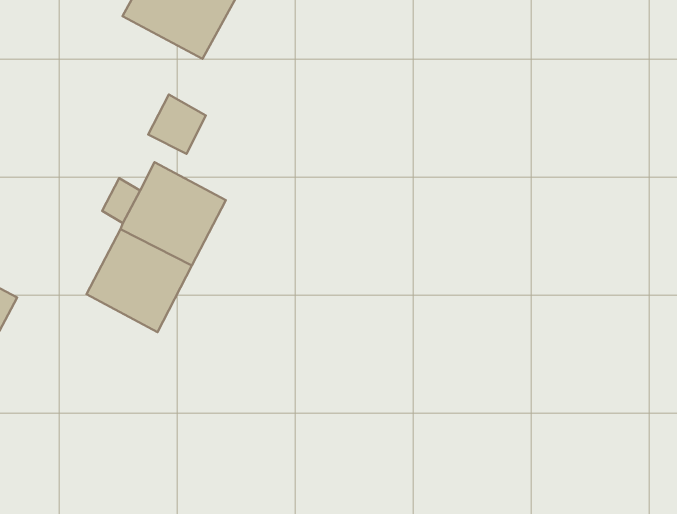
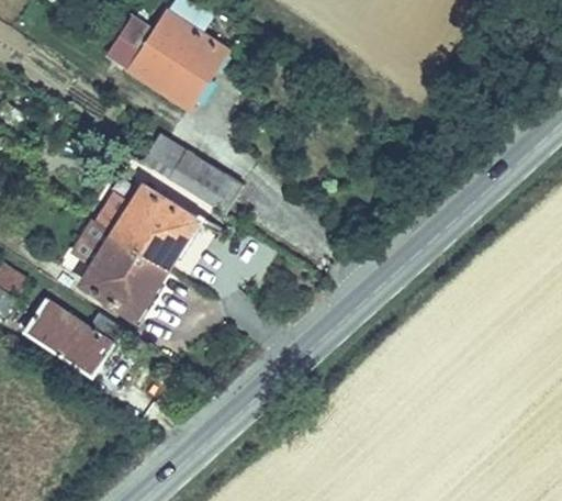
building: none -> [168,151,241,213]
building: none -> [22,297,123,376]

